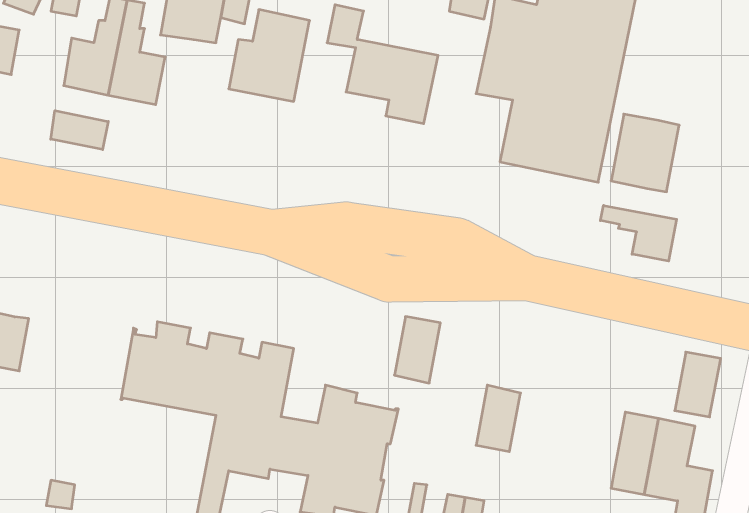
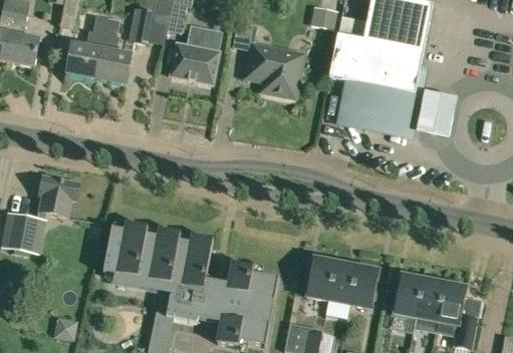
building: [51,111,108,150] -> none
building: [600,205,677,261] -> none
building: none -> [38,175,80,216]
building: [394,317,440,383] -> [306,258,335,300]
building: [675,352,721,417] -> [394,275,423,316]
building: none -> [349,267,378,308]

